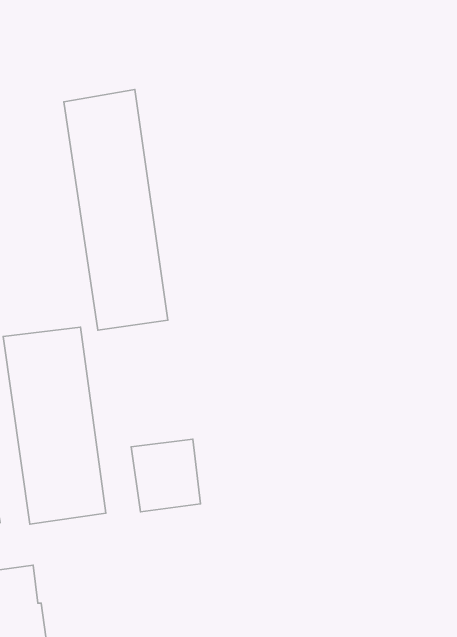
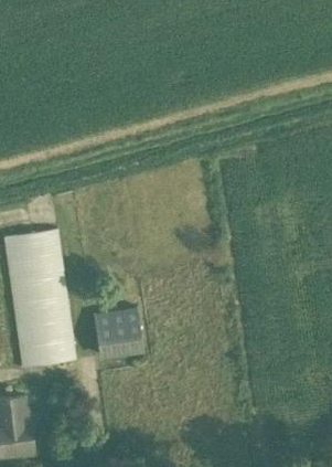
building: [64,90,168,330] -> none

